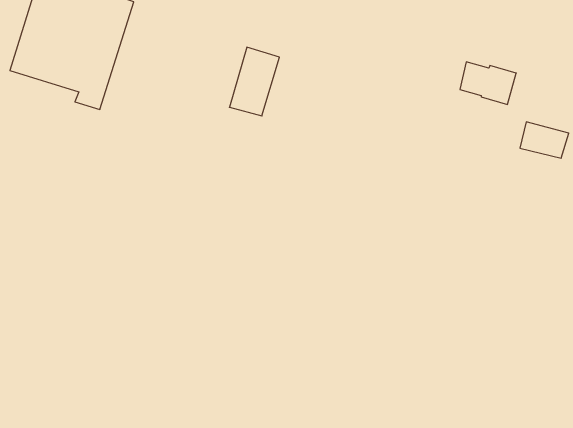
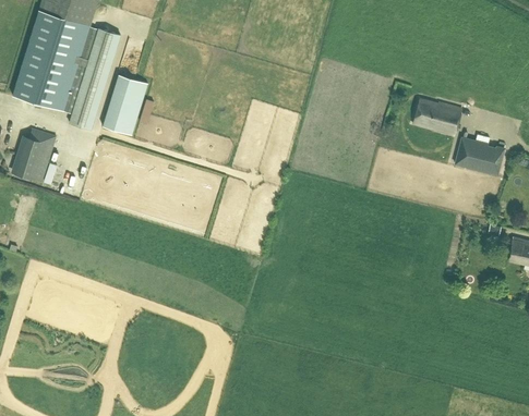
building: [229,47,279,116] -> [103,75,146,135]
building: none -> [17,130,56,183]

